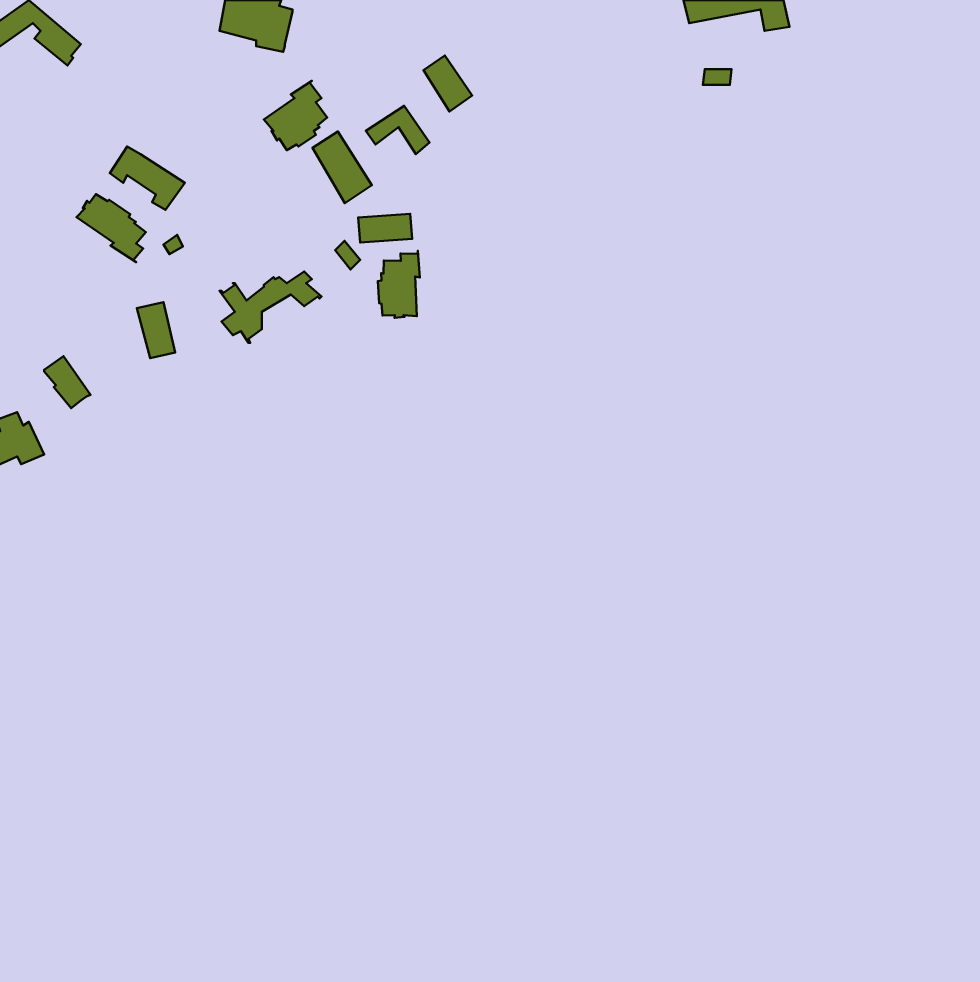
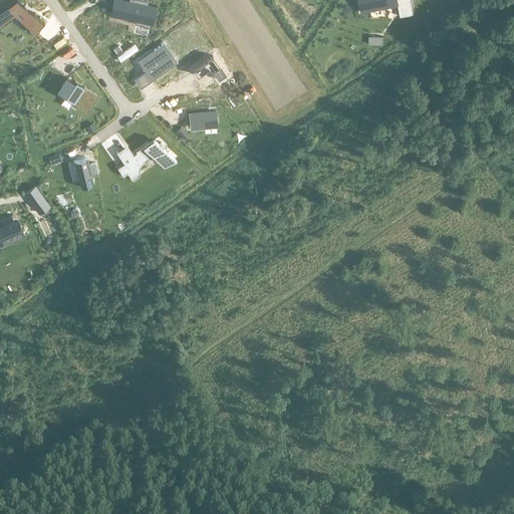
building: [424,55,472,112] -> none
building: [312,132,372,203] -> none
building: [77,194,146,262] -> none
building: [378,251,420,318] -> none

